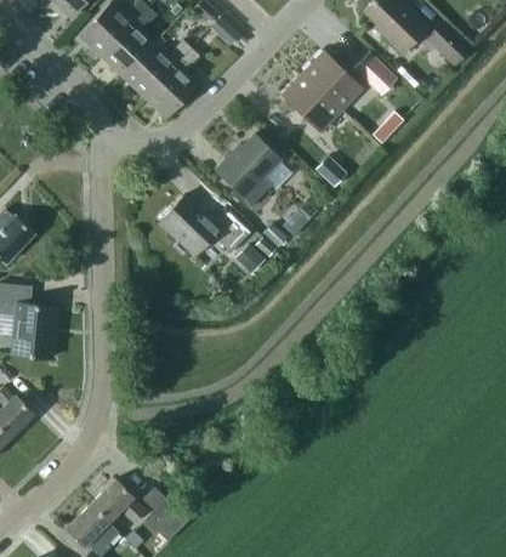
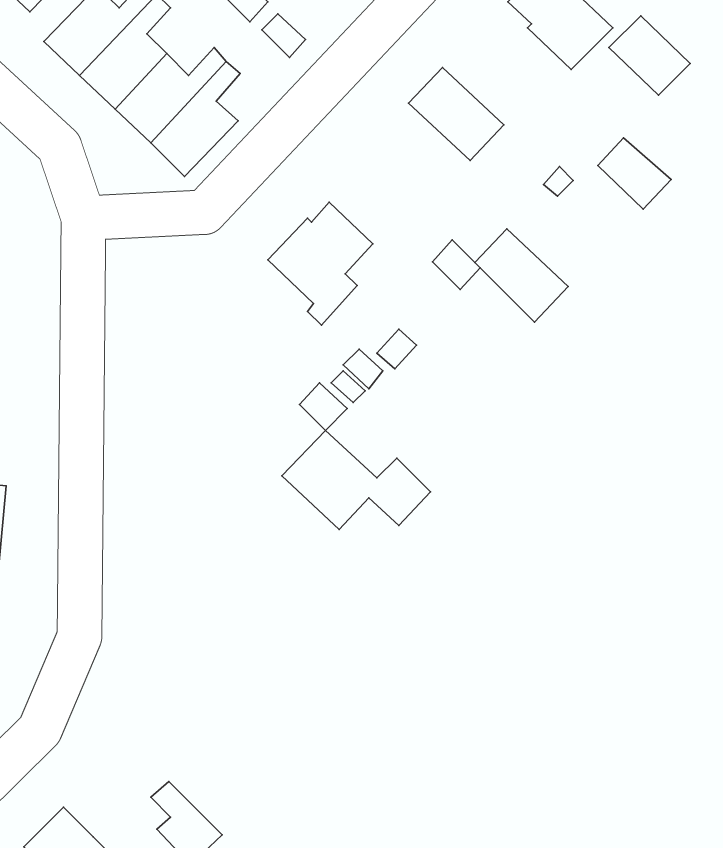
building: [353,52,398,96] -> [598,138,671,209]
building: [283,73,340,130] -> [475,229,568,322]
building: [159,194,250,255] -> [282,430,430,530]
building: [91,479,146,523] -> none

